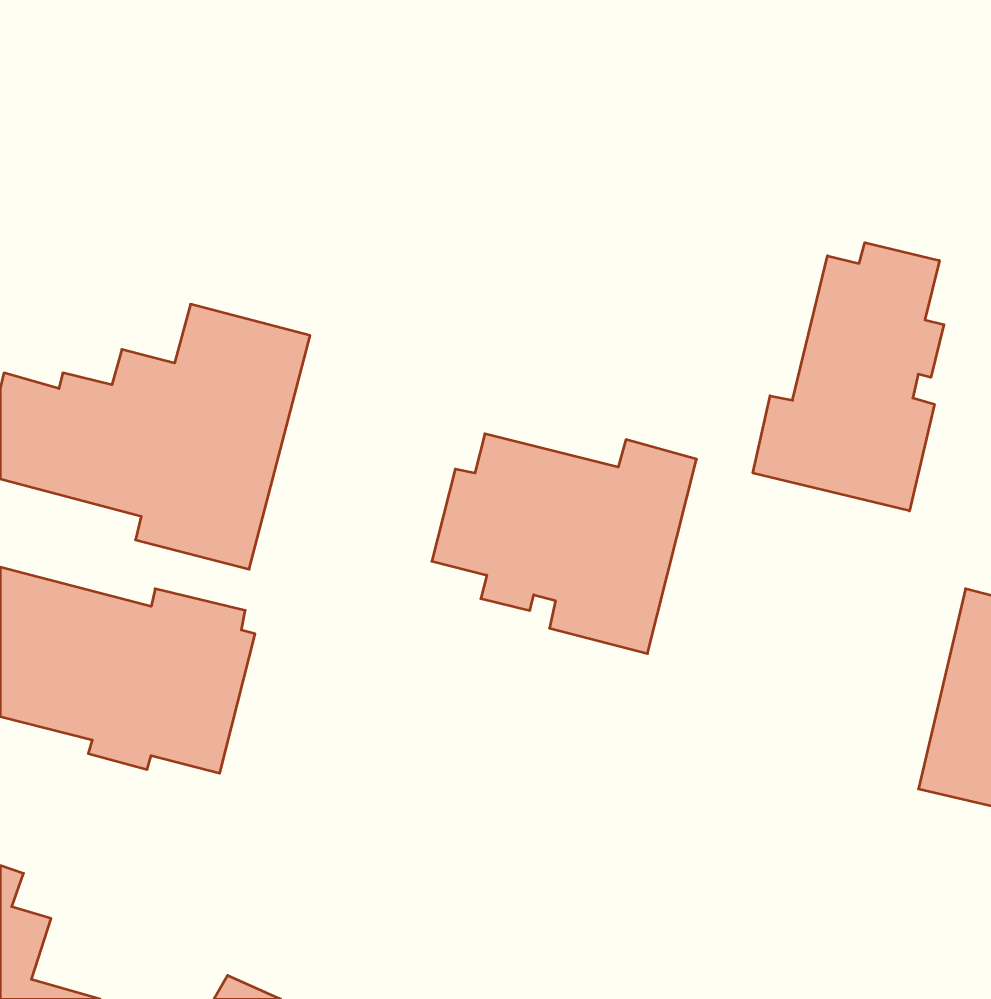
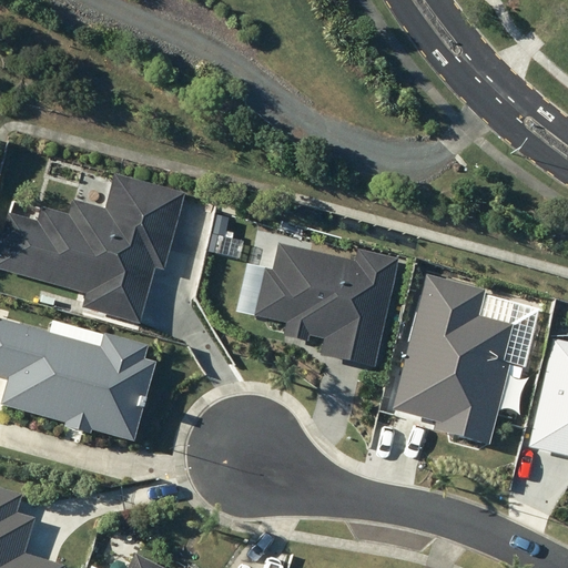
building: [753,243,944,511] -> none
building: none -> [392,273,521,447]

